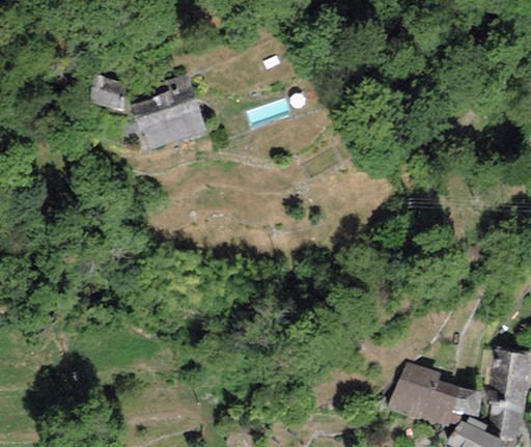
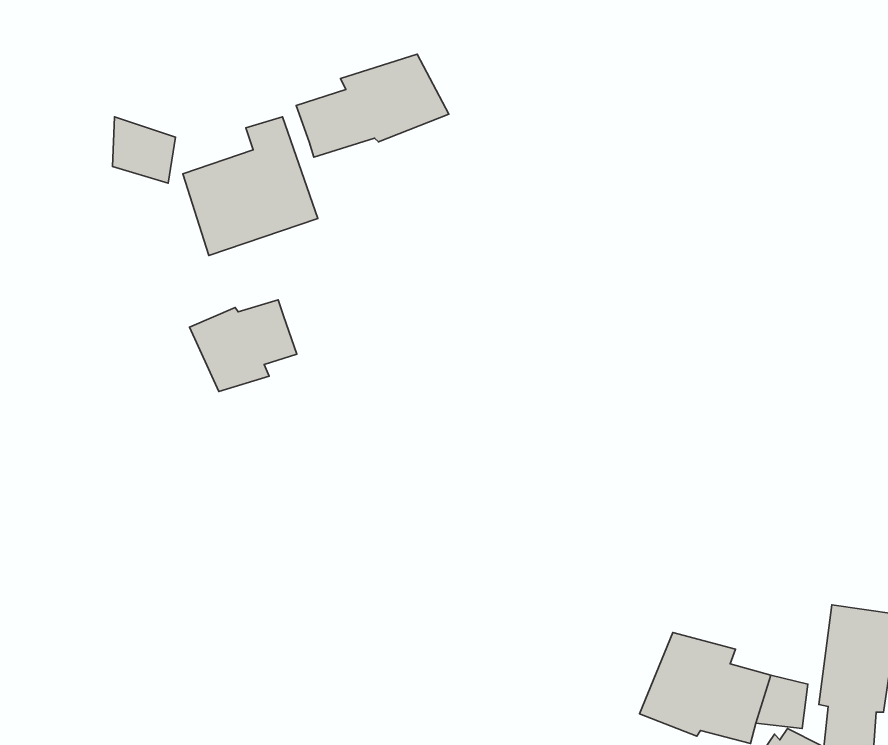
building: none -> [296,54,449,157]
building: none -> [189,300,297,392]

